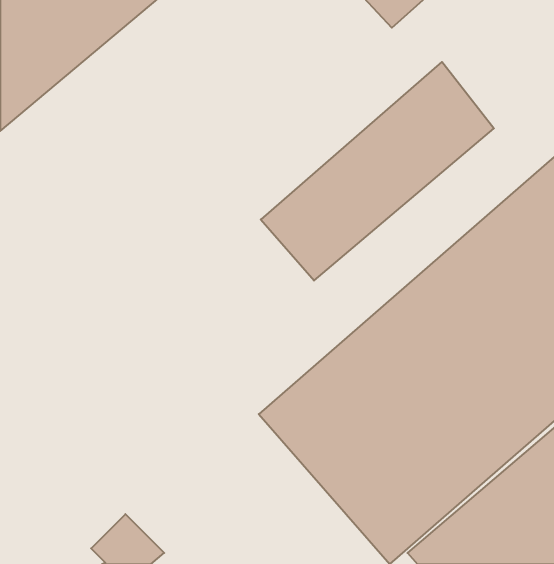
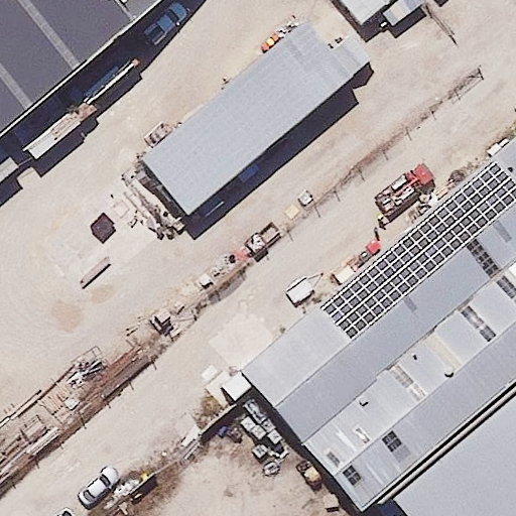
building: [261,62,494,281] -> [138,17,350,216]

